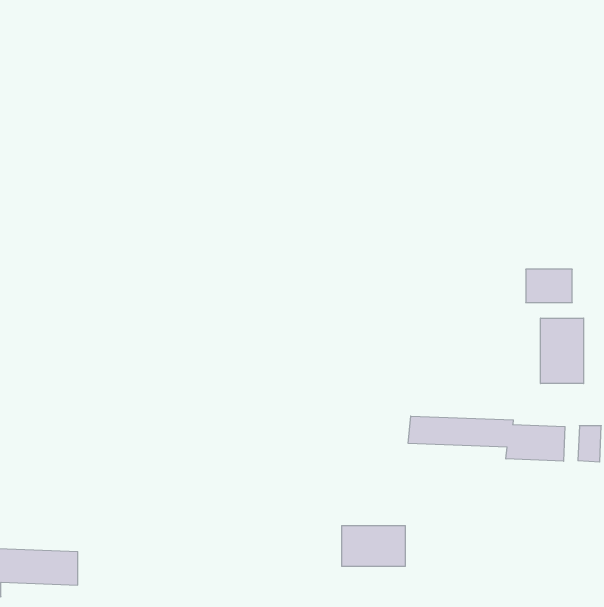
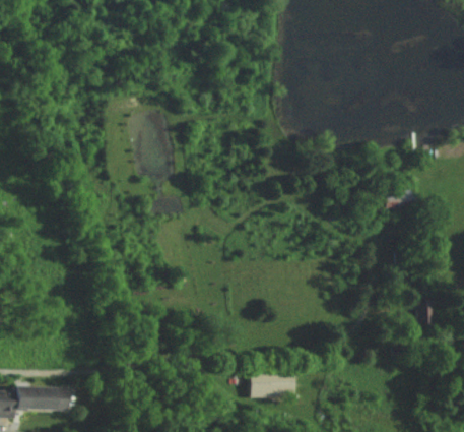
building: [541,318,584,384] -> none
building: [408,416,565,461] -> none

